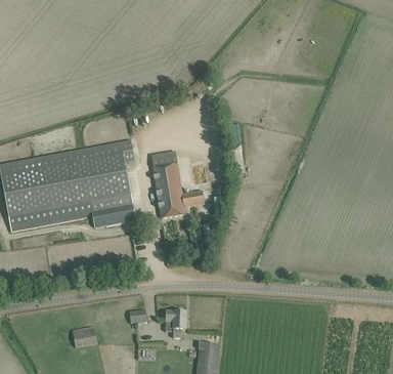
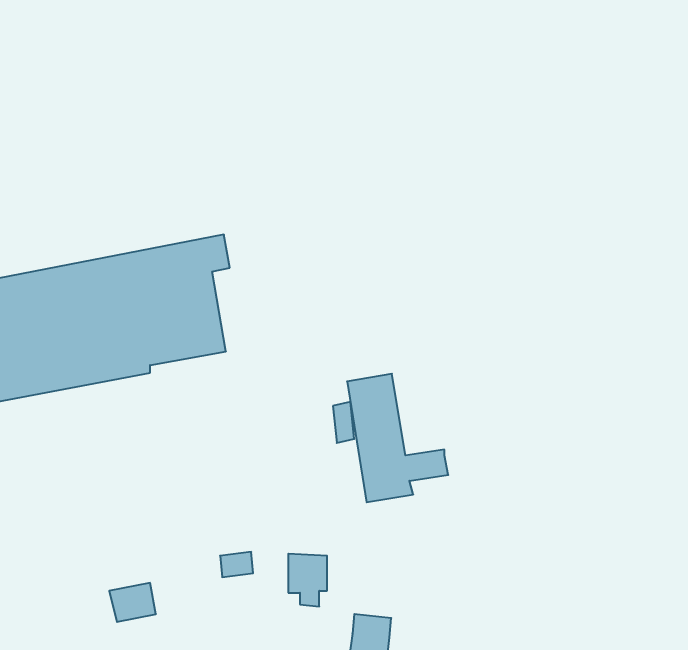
building: [150,150,204,217] -> [347,374,448,502]
building: [92,203,135,226] -> none

